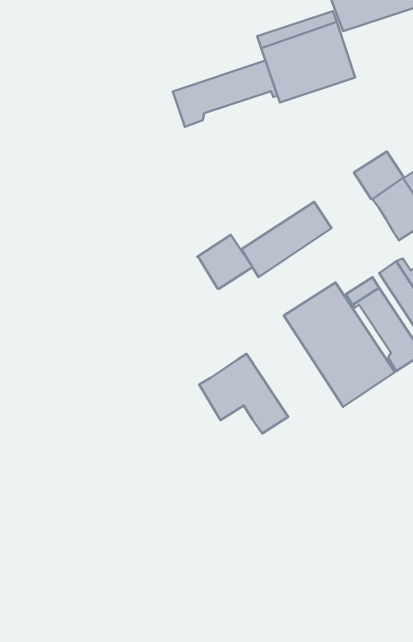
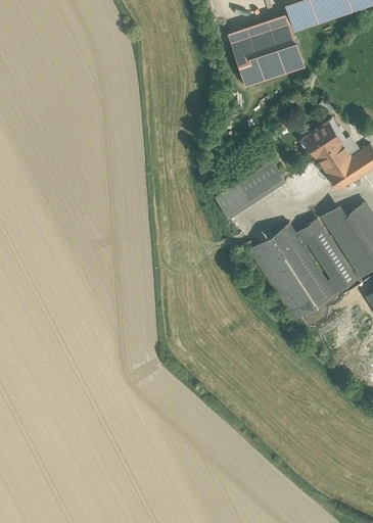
building: [173,61,278,127] -> none
building: [197,235,252,289] -> none
building: [199,354,288,433] -> none

